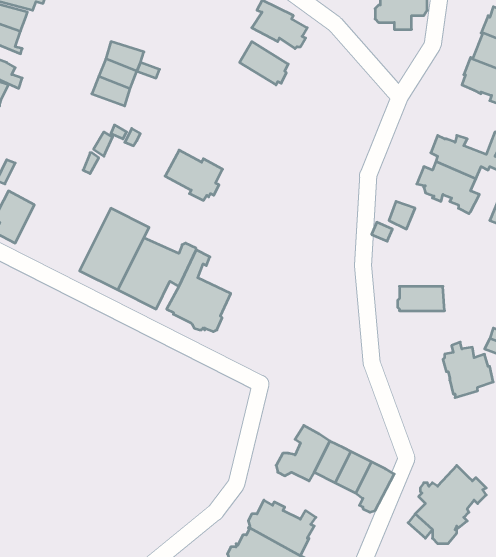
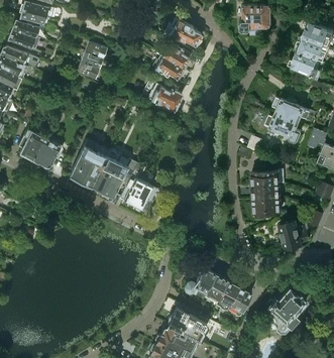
building: none -> [151,55,183,82]
building: [165,150,223,200] -> [148,84,182,113]
building: none -> [31,138,62,168]
building: none -> [252,166,280,186]
building: none -> [253,200,281,216]

